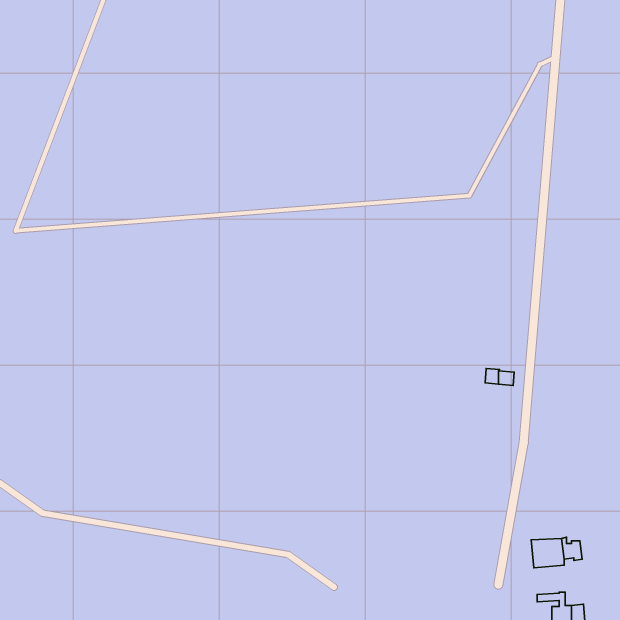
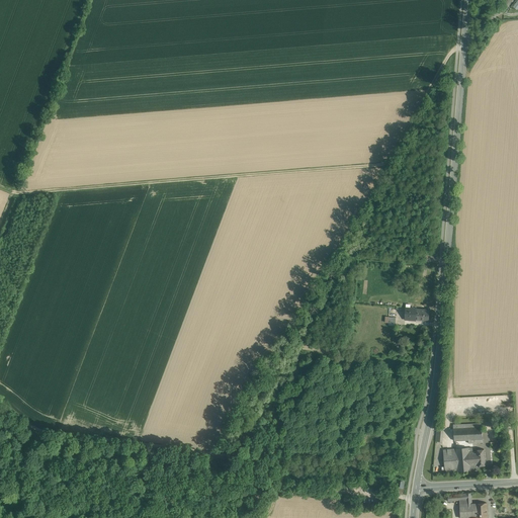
building: none -> [452,425,483,444]

